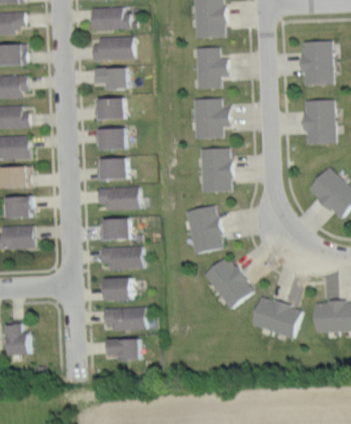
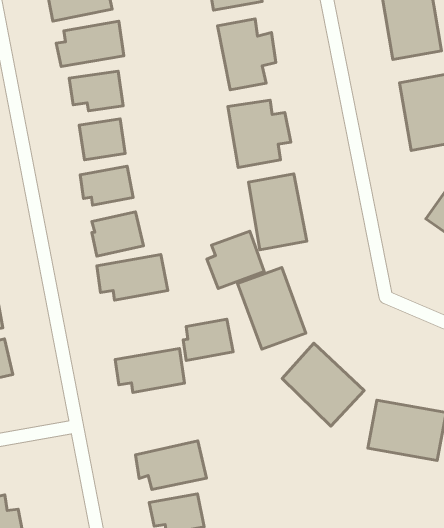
building: none -> [207,231,264,288]
building: [100,219,130,241] -> [183,319,233,360]
building: [102,277,132,301] -> none

